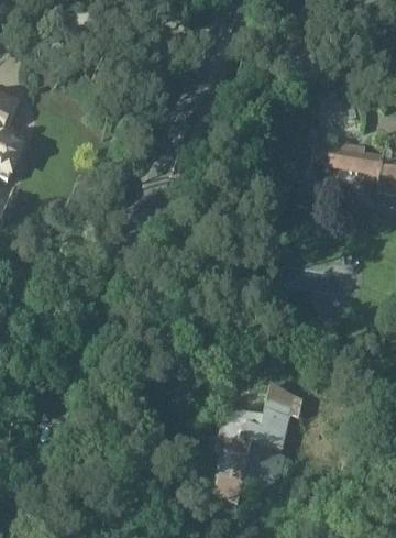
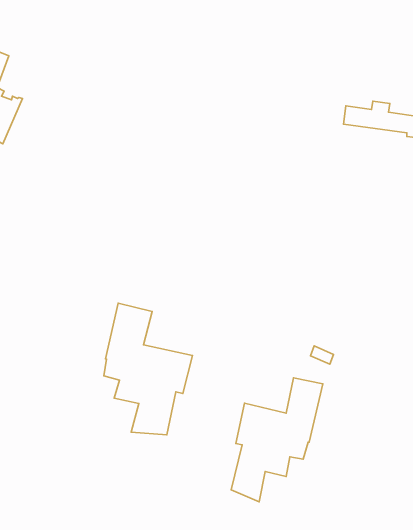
building: none -> [104,303,192,435]

